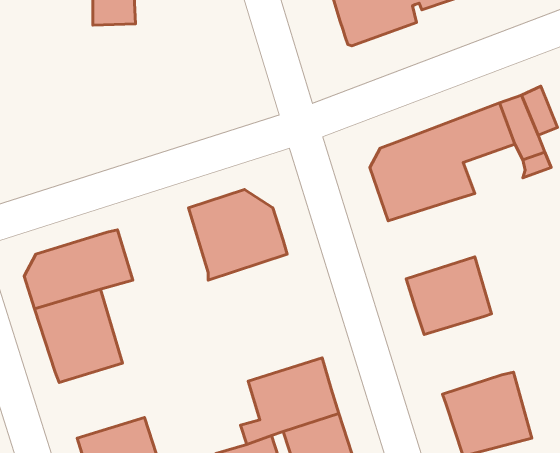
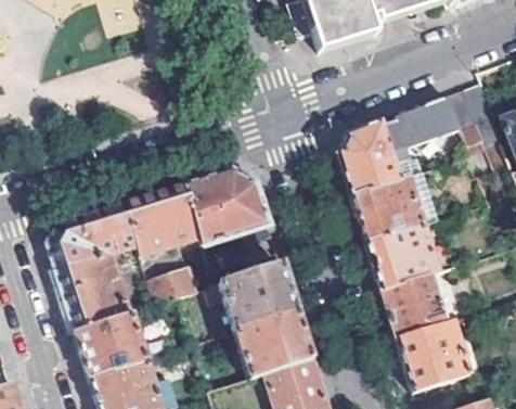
building: none -> [352,178,440,244]
building: none -> [126,184,202,255]
building: none -> [206,264,297,330]
building: none -> [151,268,198,305]
building: none -> [383,276,448,341]
building: none -> [77,314,149,378]

